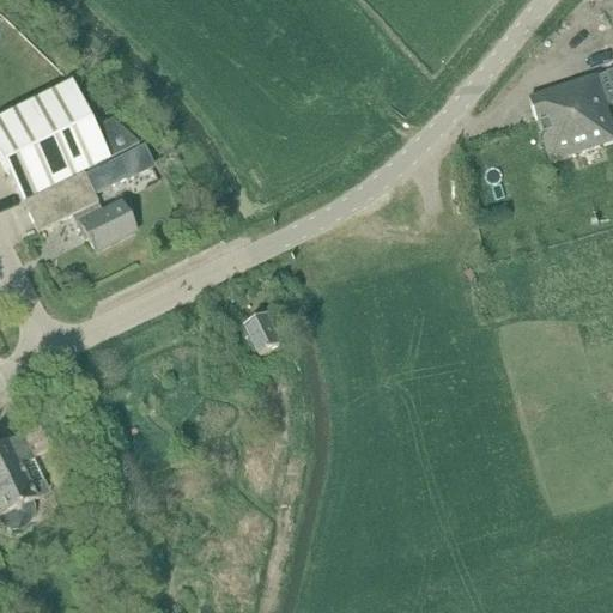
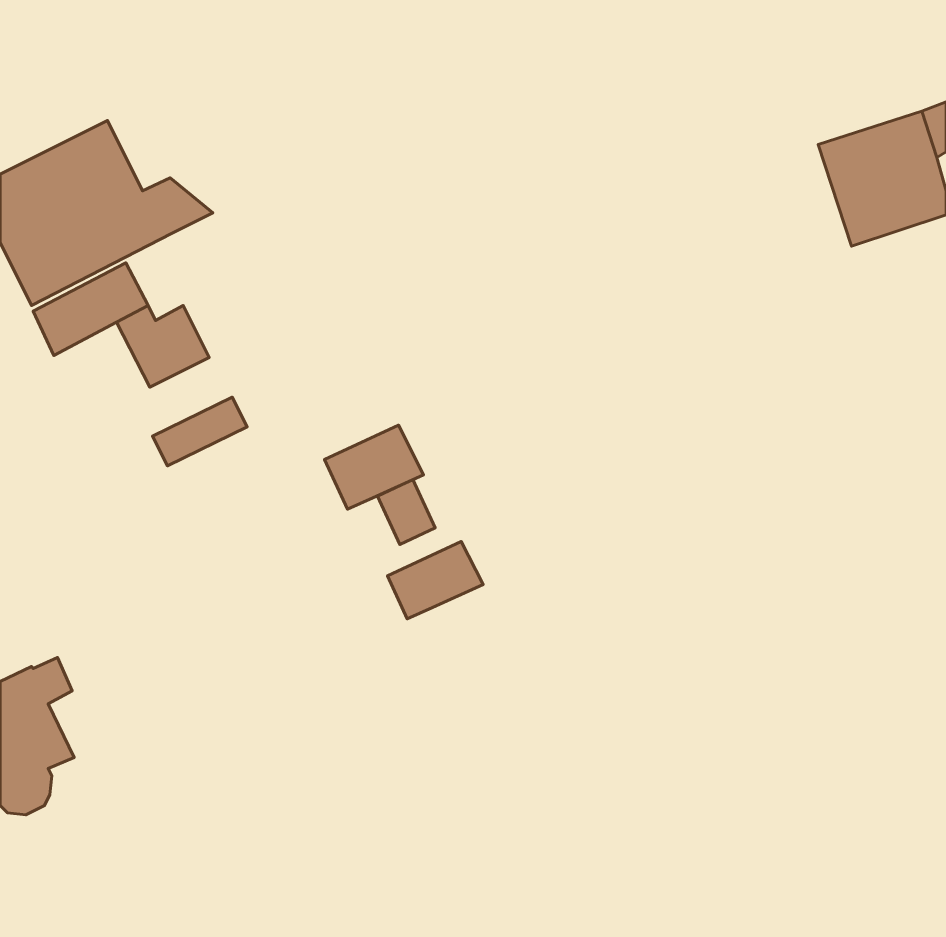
building: [84,145,145,189] -> [153,397,247,466]
building: none -> [324,425,424,509]
building: none -> [387,542,483,619]

